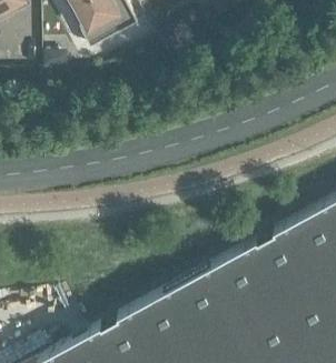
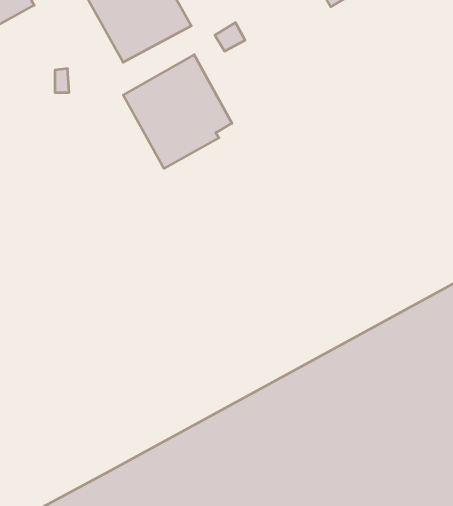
building: none -> [123,55,232,168]

